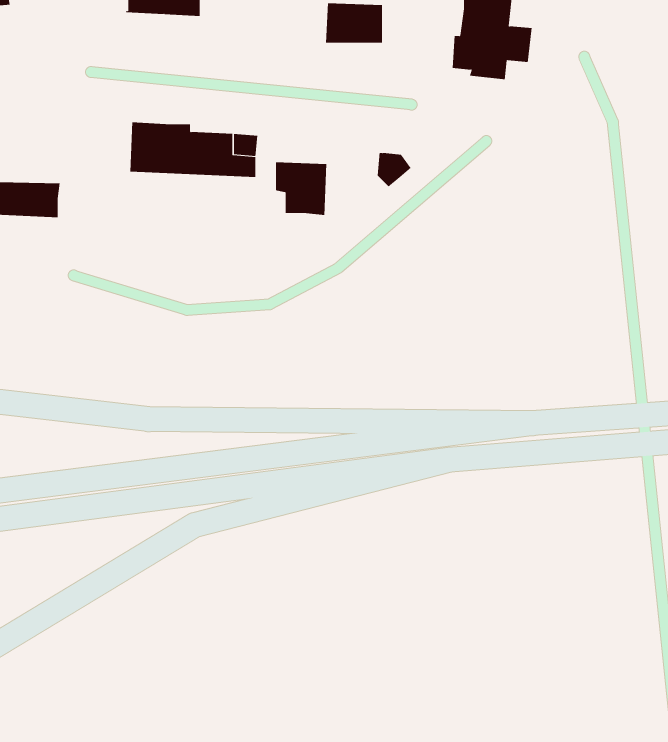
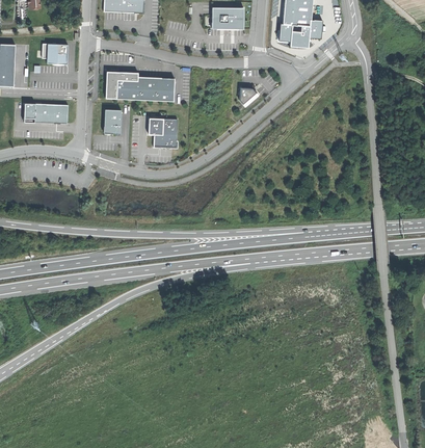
building: none -> [42,43,68,63]
building: [275,162,327,216] -> [149,117,177,147]
building: none -> [104,108,121,133]

